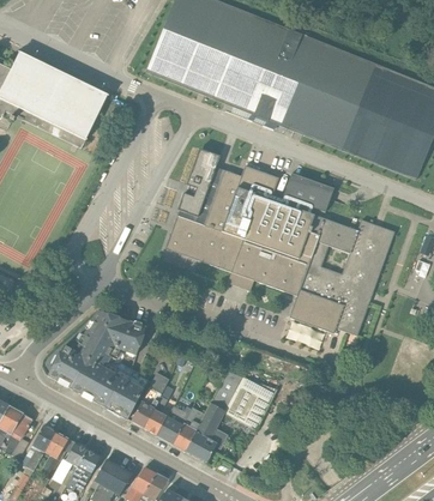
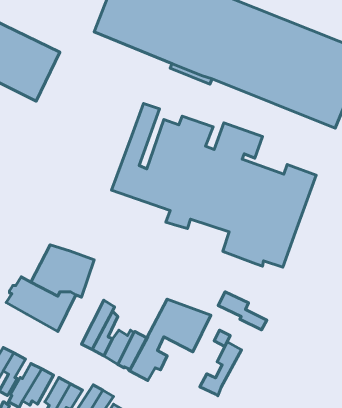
building: none -> [218,292,267,330]
building: [106,366,149,418] -> none
building: none -> [200,342,242,396]

